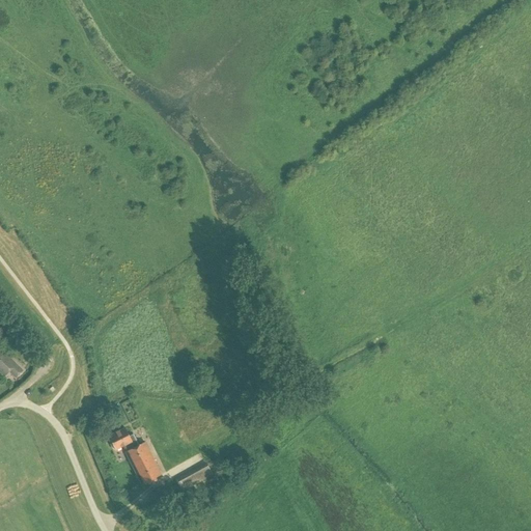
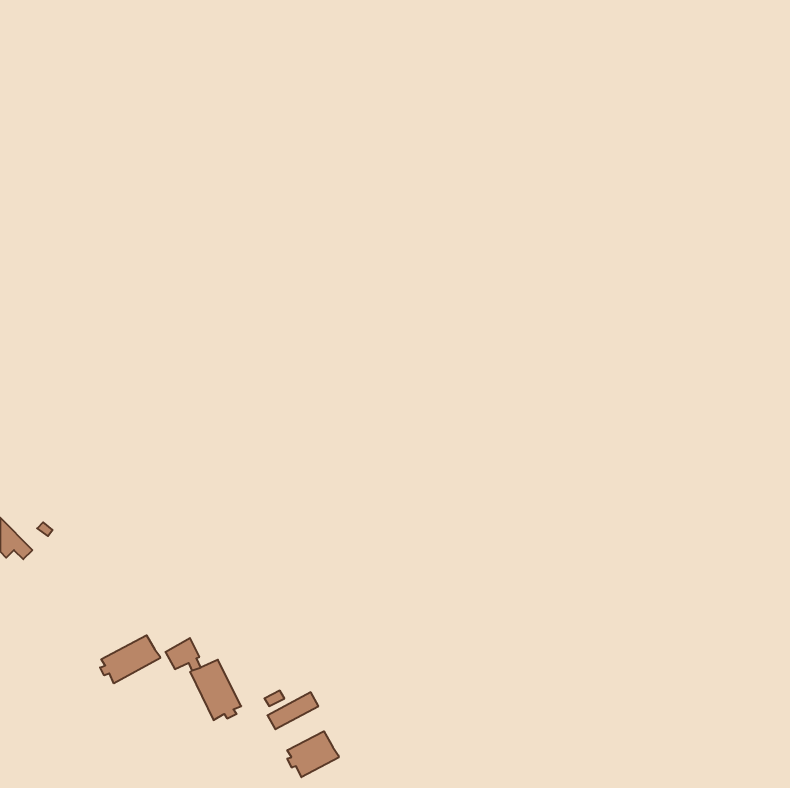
building: none -> [100,635,160,683]
building: none -> [287,731,339,777]

